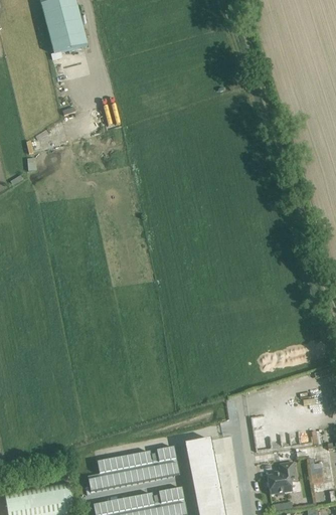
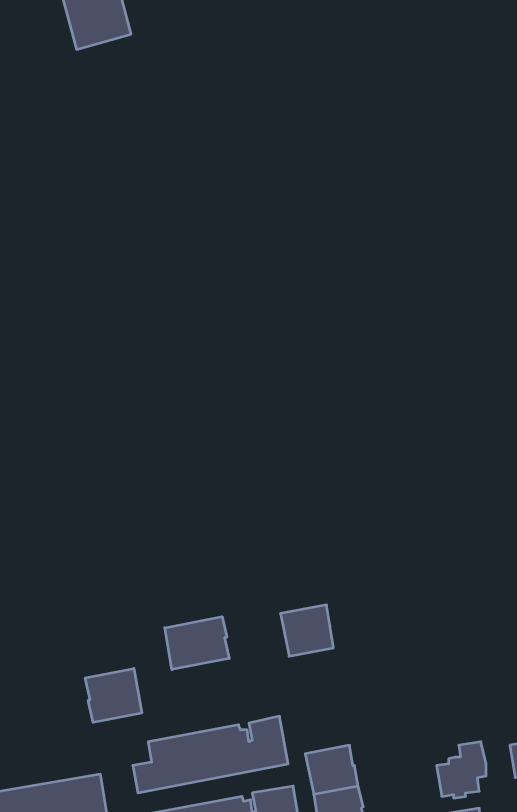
building: none -> [165,617,229,670]
building: none -> [85,668,142,722]
building: [184,439,215,469] -> [280,605,333,656]

